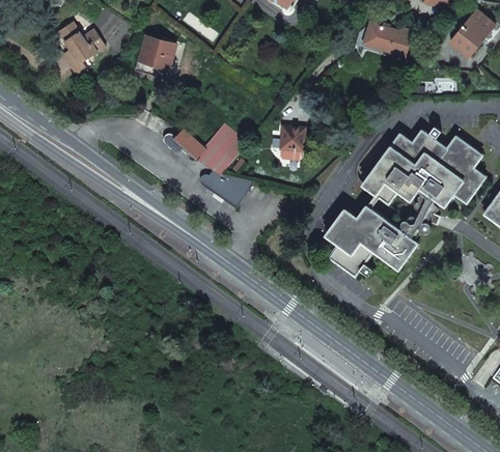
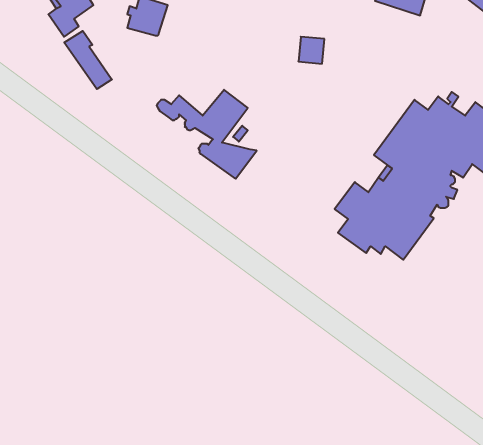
building: none -> [64,31,112,89]
building: [281,124,305,149] -> [298,37,324,64]

